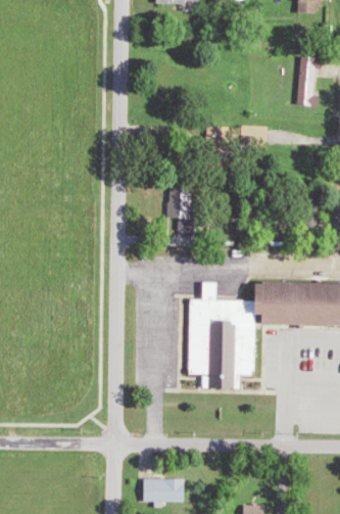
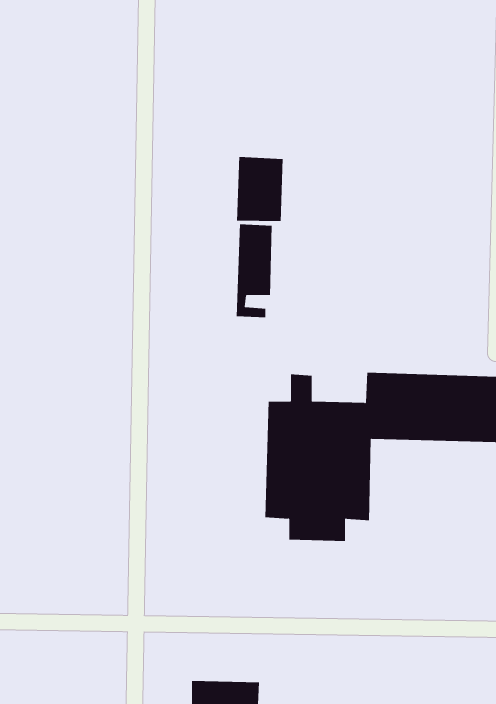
building: [295,56,319,106] -> none
building: none -> [237,156,283,222]

